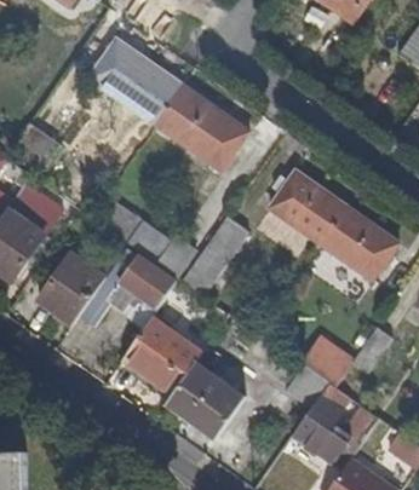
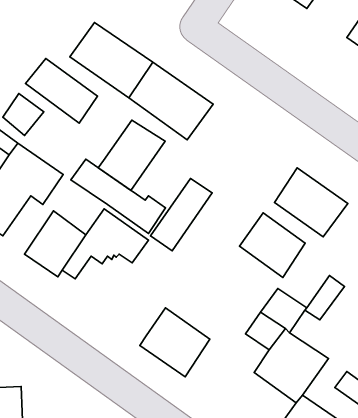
building: none -> [25,58,97,123]
building: none -> [98,120,165,190]
building: [268,169,341,242] -> [240,213,305,277]
building: [122,316,201,392] -> none

